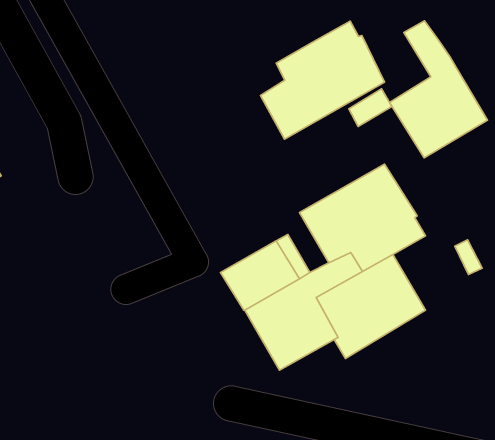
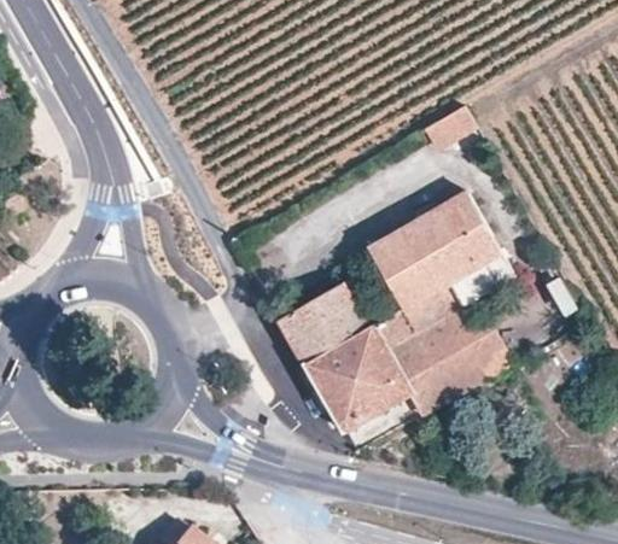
building: [389,21,487,158] -> none
building: [261,21,385,139] -> none

